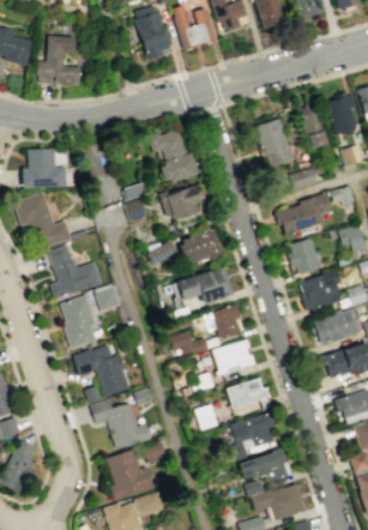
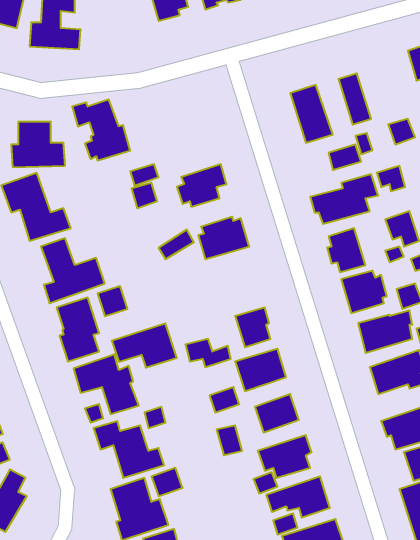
building: [328,96,357,134] -> none
building: [147,128,197,180] -> [72,100,130,161]
building: [175,265,230,302] -> [112,324,177,368]

